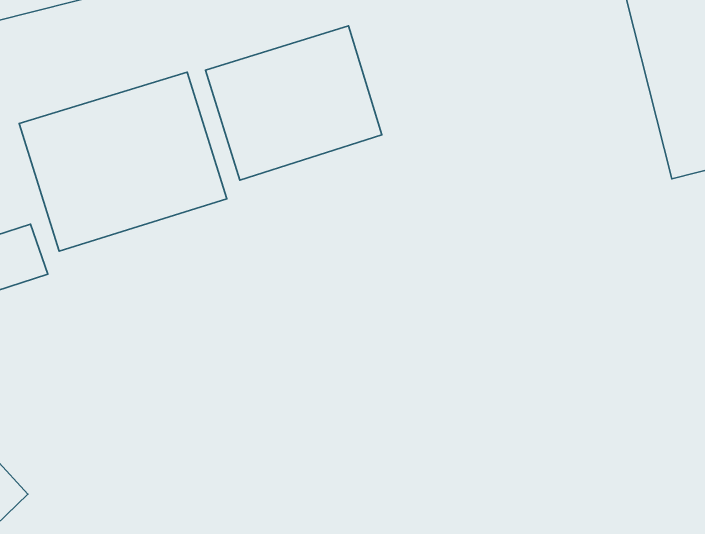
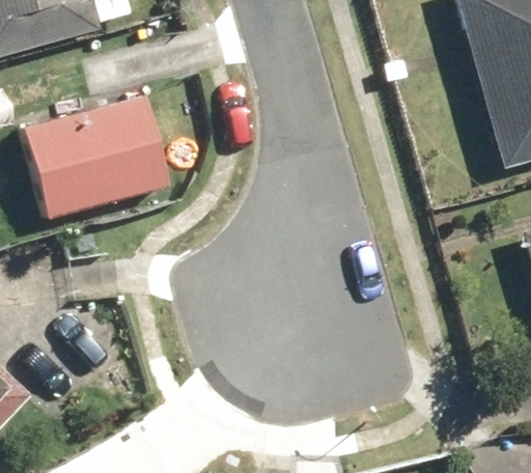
building: [205,26,382,180] -> none

